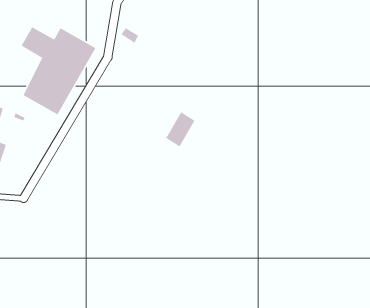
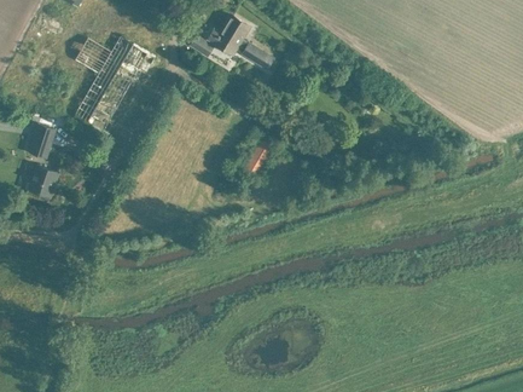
building: none -> [207,15,274,68]

